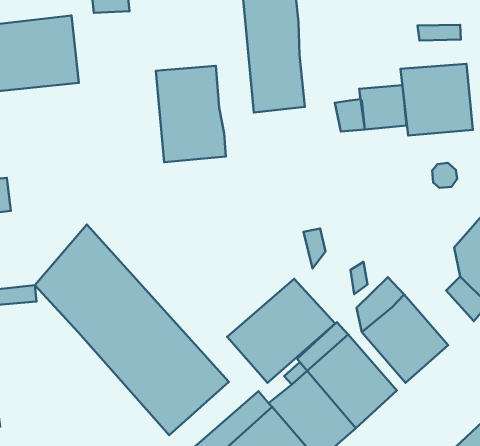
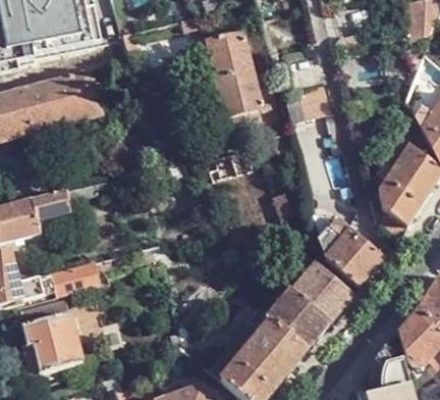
building: [401,64,473,135] -> none
building: [156,66,226,162] -> none
building: [35,225,229,435] -> none
building: [227,279,335,383] -> none

